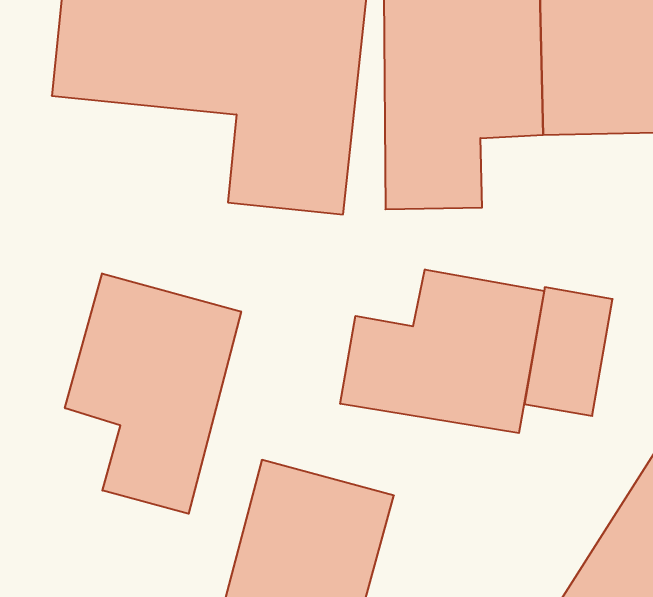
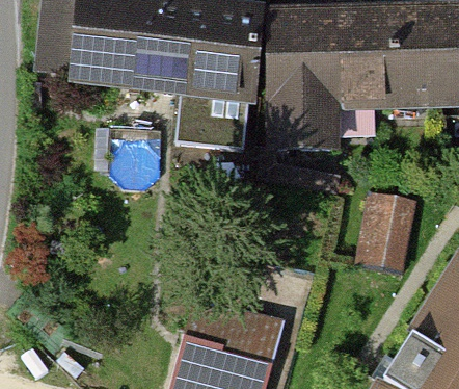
building: [340,269,544,433] -> none
building: [65,273,241,514] -> none

